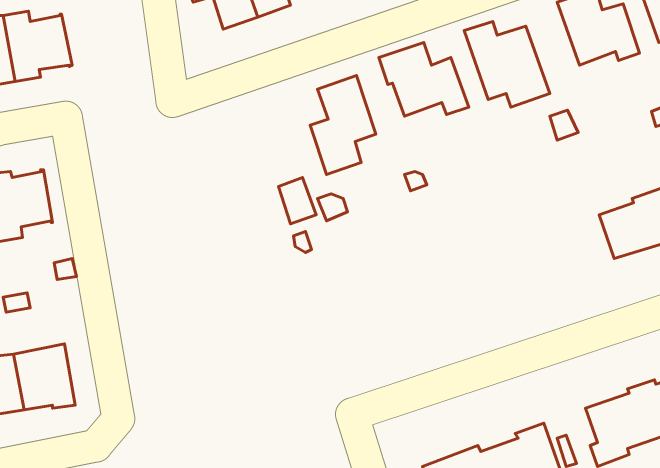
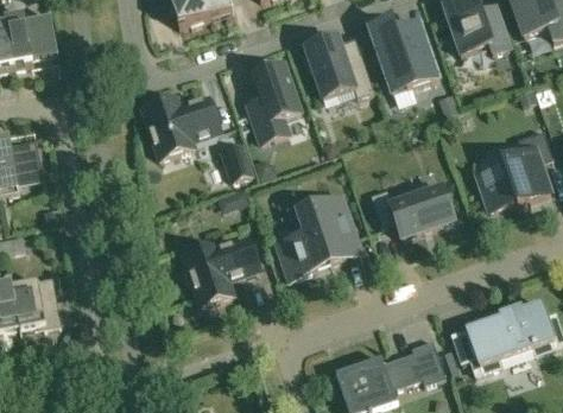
building: none -> [143,96,220,157]
building: none -> [371,184,453,236]
building: none -> [277,195,360,275]
building: none -> [181,236,259,303]

